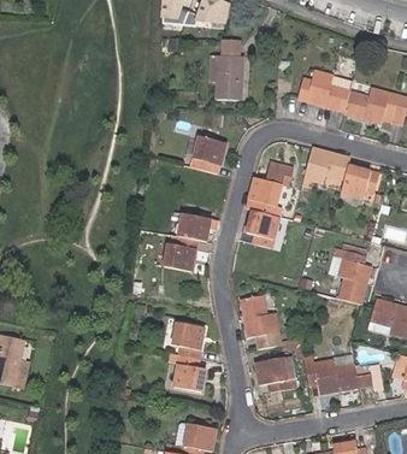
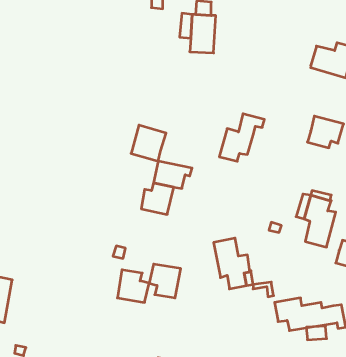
building: [299,70,353,111] -> none
building: [190,136,228,175] -> [131,125,166,161]
building: [303,147,350,183] -> none
building: [247,210,281,248] -> none
building: [173,355,207,390] -> [117,270,149,302]
building: [254,358,290,391] -> none

